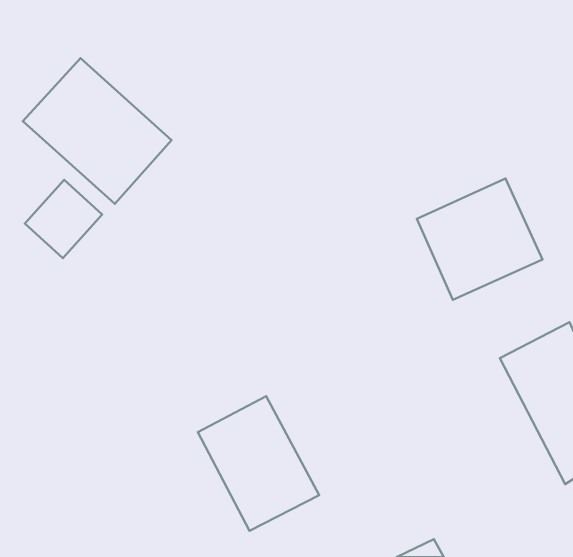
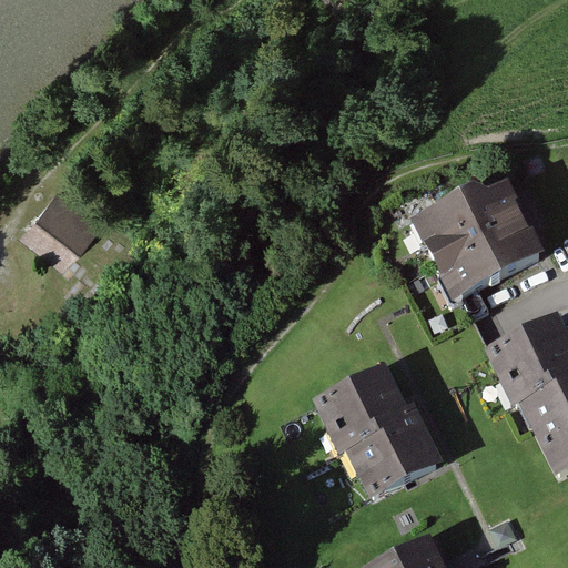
building: [23,58,171,204] -> none
building: [198,396,319,531] -> [316,366,436,499]

